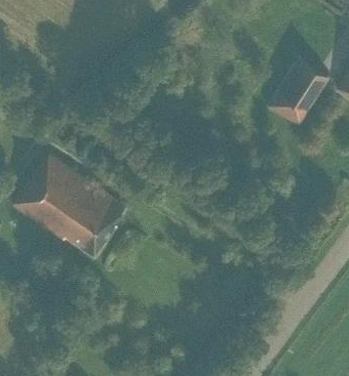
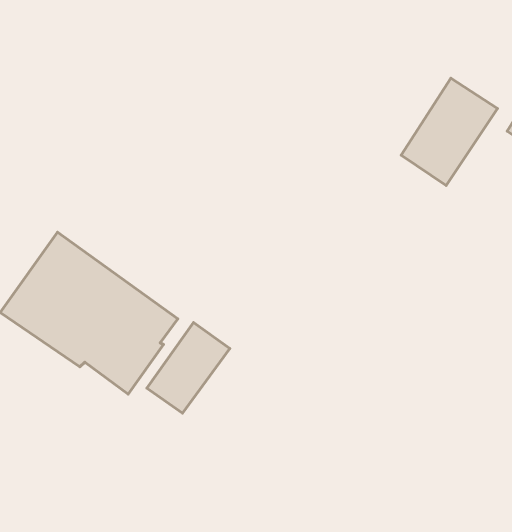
building: none -> [147,322,230,413]

